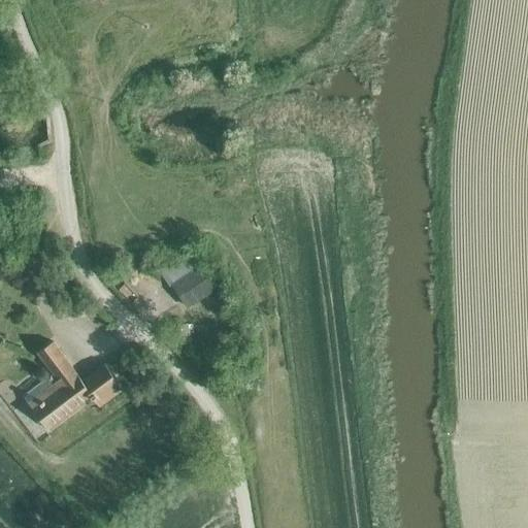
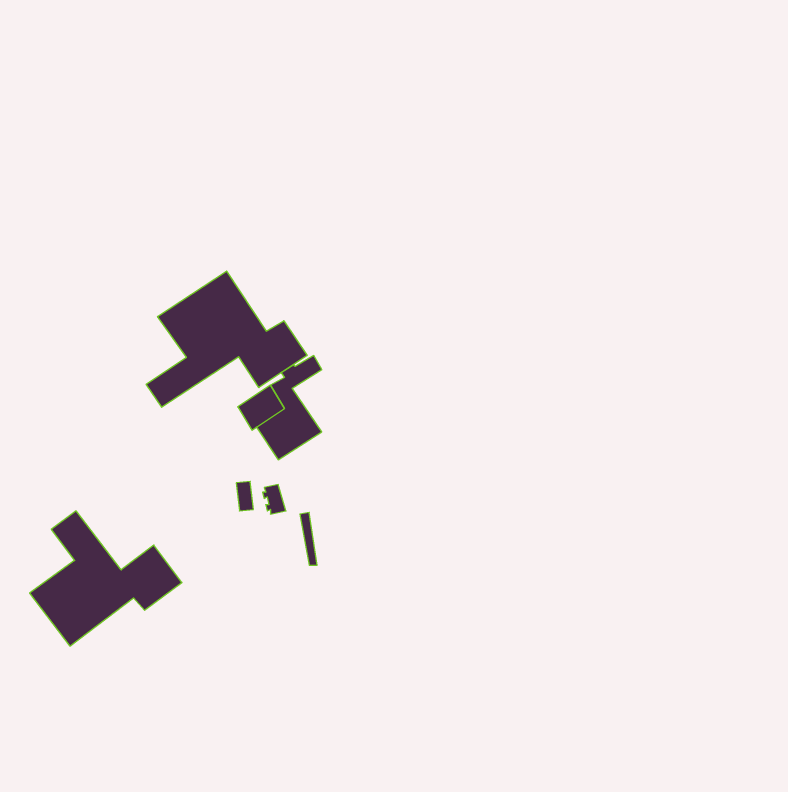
building: none -> [146,271,307,407]

